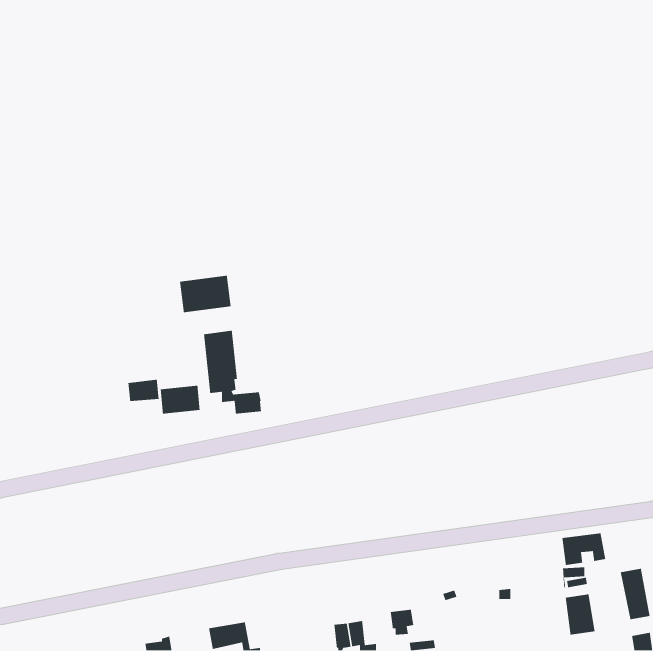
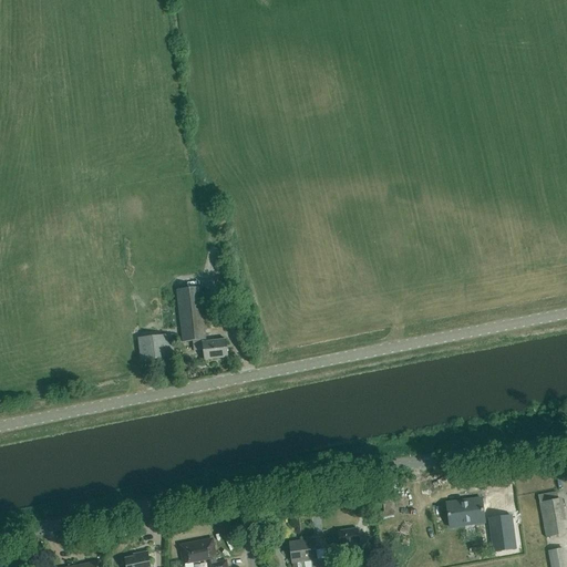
building: [179,275,232,313] -> none
building: [128,379,159,402] -> none
building: [561,532,606,566] -> [446,497,485,526]

